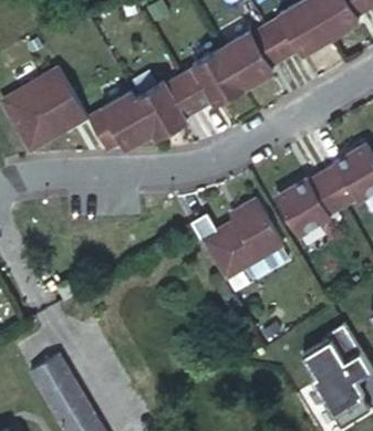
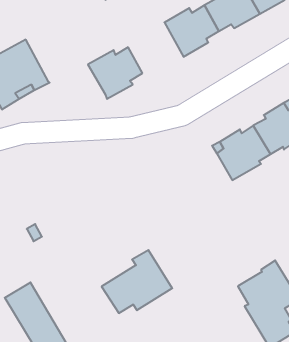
building: [174,51,238,109] -> none
building: [82,93,147,153] -> none
building: [197,198,279,271] -> [102,250,172,313]

